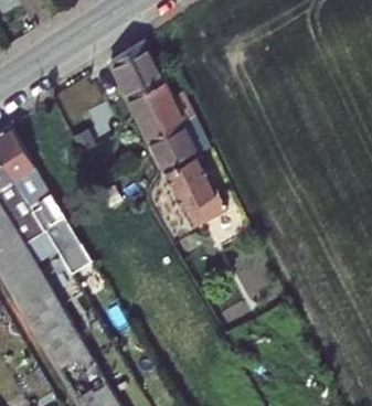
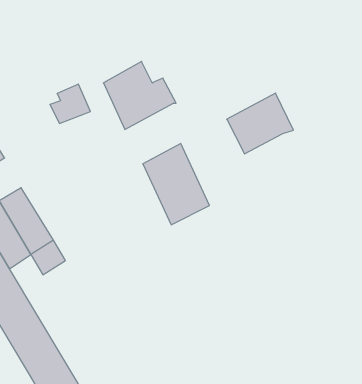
building: [110,42,162,98] -> none
building: [147,117,209,173] -> [227,93,293,154]

